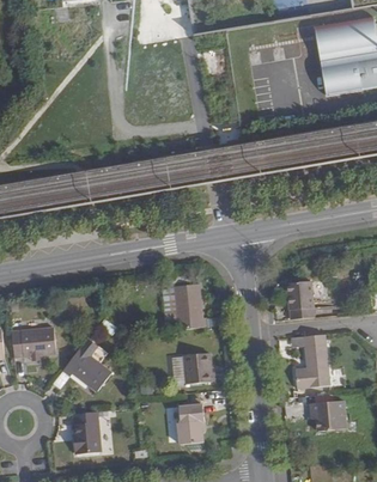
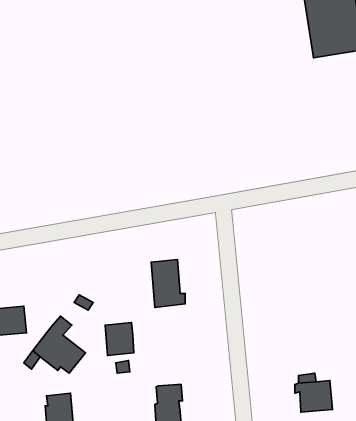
building: [286,280,312,319] -> none
building: [294,334,328,386] -> none
building: [183,353,211,384] -> [105,323,134,355]

